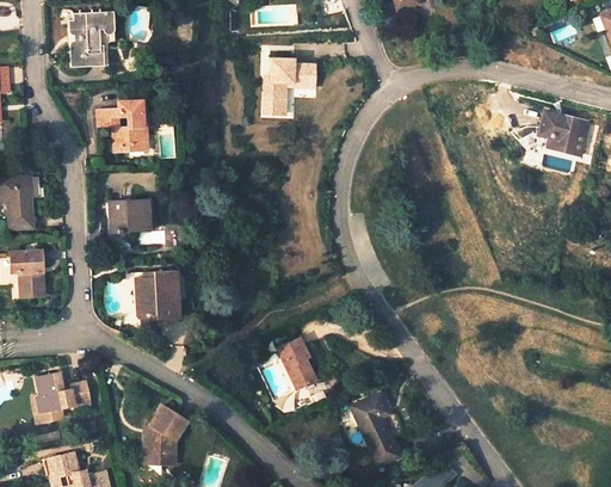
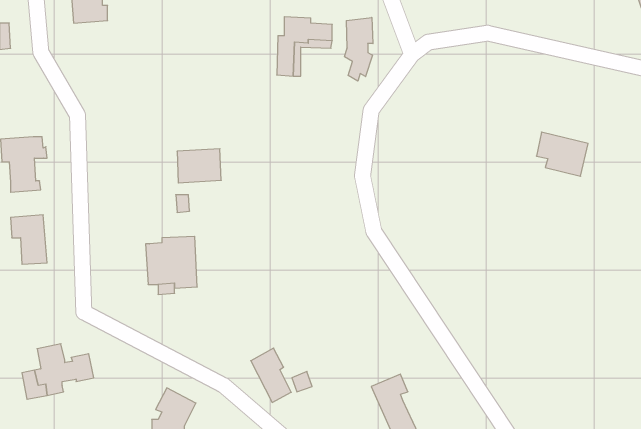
building: none -> [344,17,373,81]
building: [99,101,148,149] -> none
building: [535,113,584,155] -> [536,132,588,176]
building: [111,198,153,230] -> [177,149,221,183]
building: [274,335,313,387] -> [251,348,291,402]

